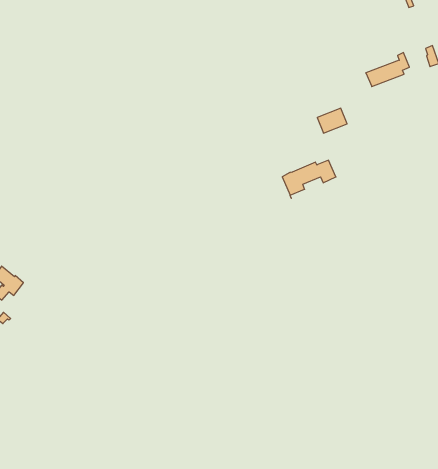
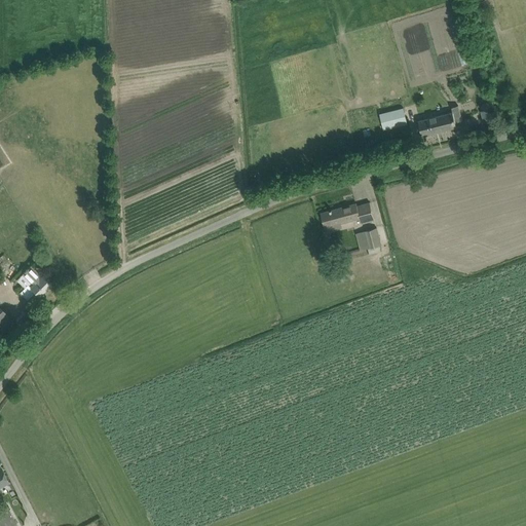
building: [317,108,347,133] -> [377,108,406,130]
building: none -> [353,228,379,255]

